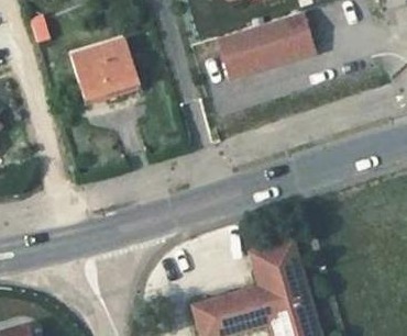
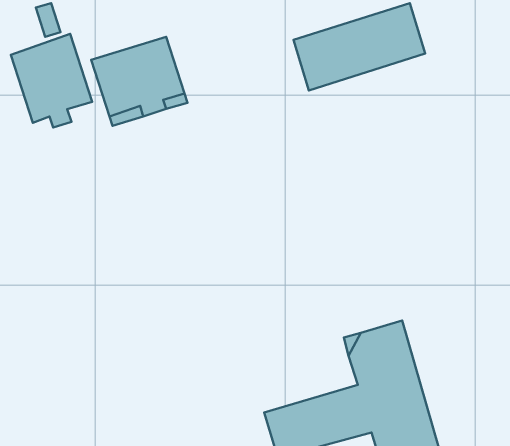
building: none -> [11,34,92,128]

